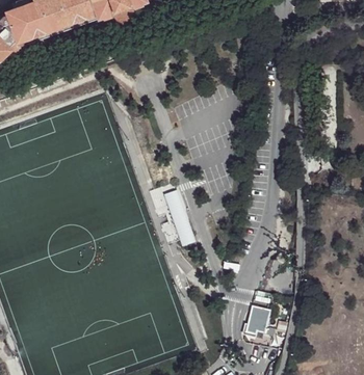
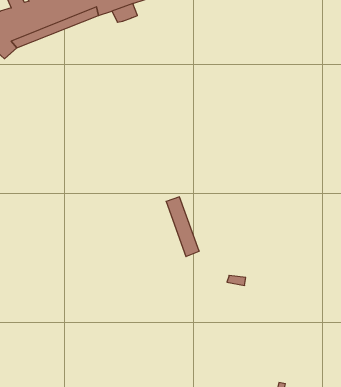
building: [243,306,276,337] -> none

